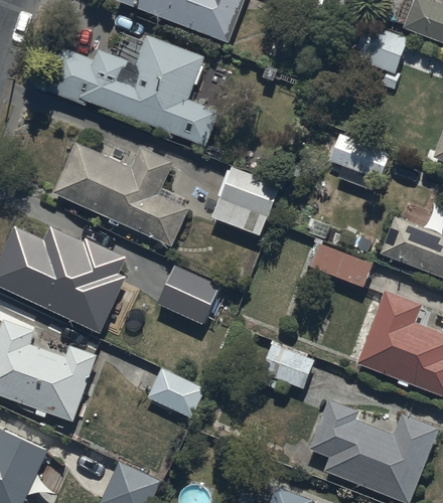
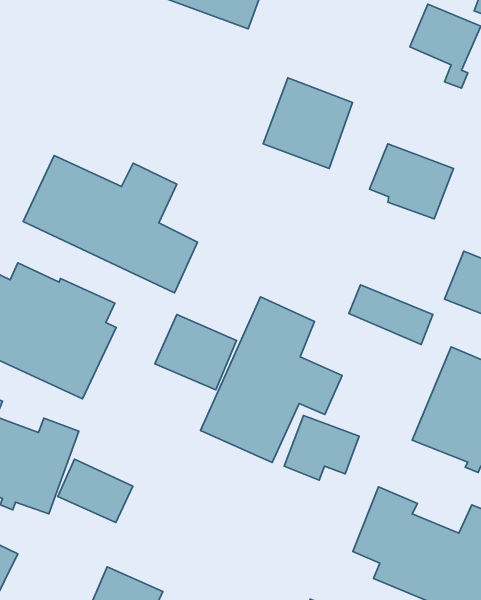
building: [42,35,219,146] -> none
building: [210,165,280,235] -> [263,78,352,168]
building: none -> [201,297,342,462]
building: [146,368,204,417] -> [58,459,133,522]

